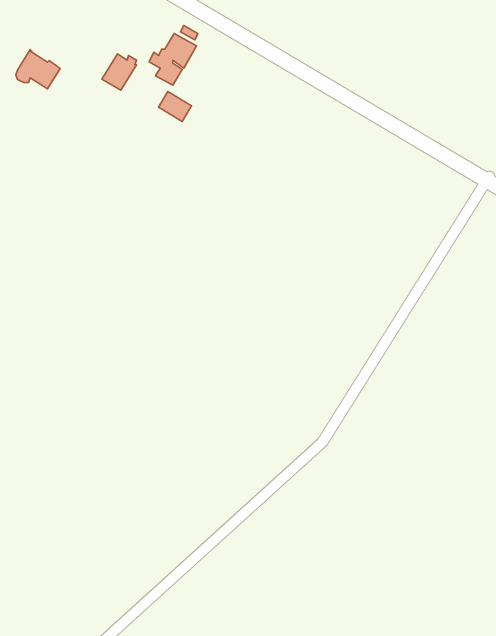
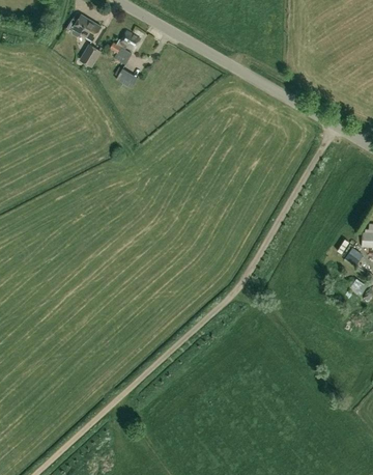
building: [16,50,60,89] -> [71,15,101,40]

